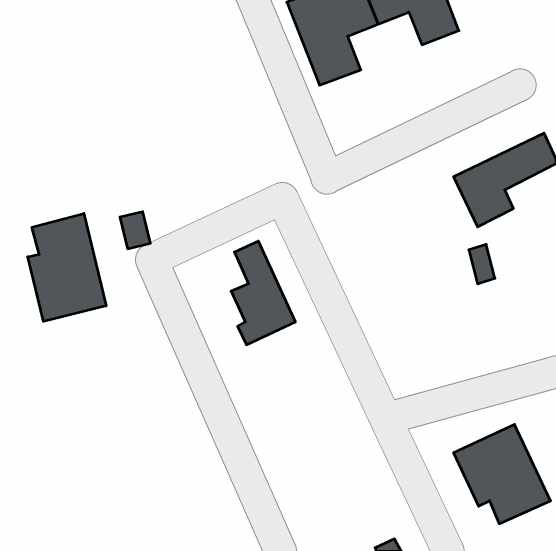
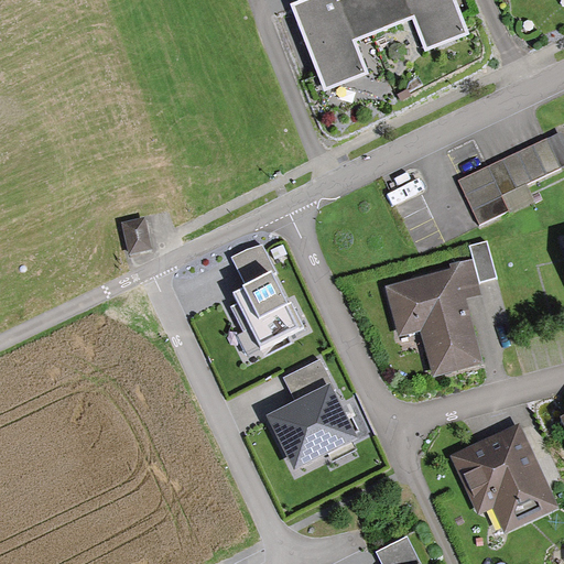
building: [28,213,106,321] -> none
building: none -> [389,268,479,376]
building: none -> [265,355,358,471]

